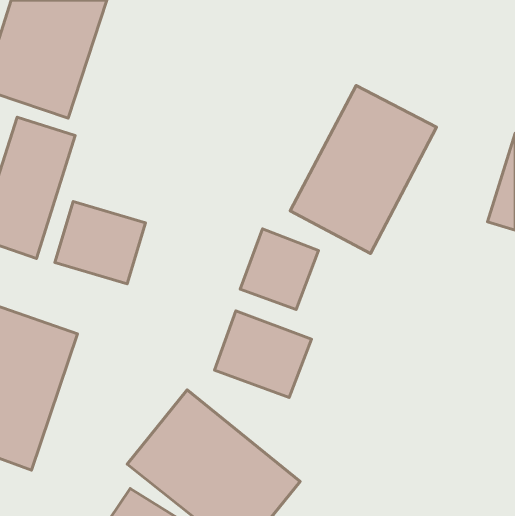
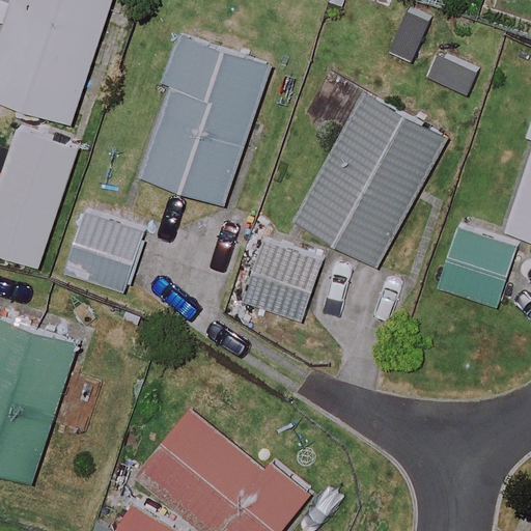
building: none -> [138,37,271,208]
building: none -> [438,231,518,309]
building: [214,311,312,397] -> none

